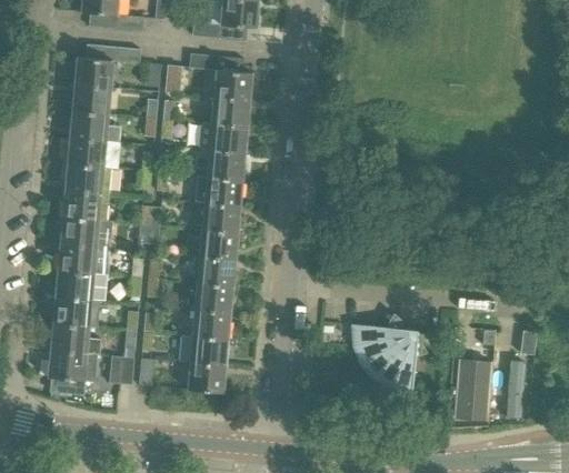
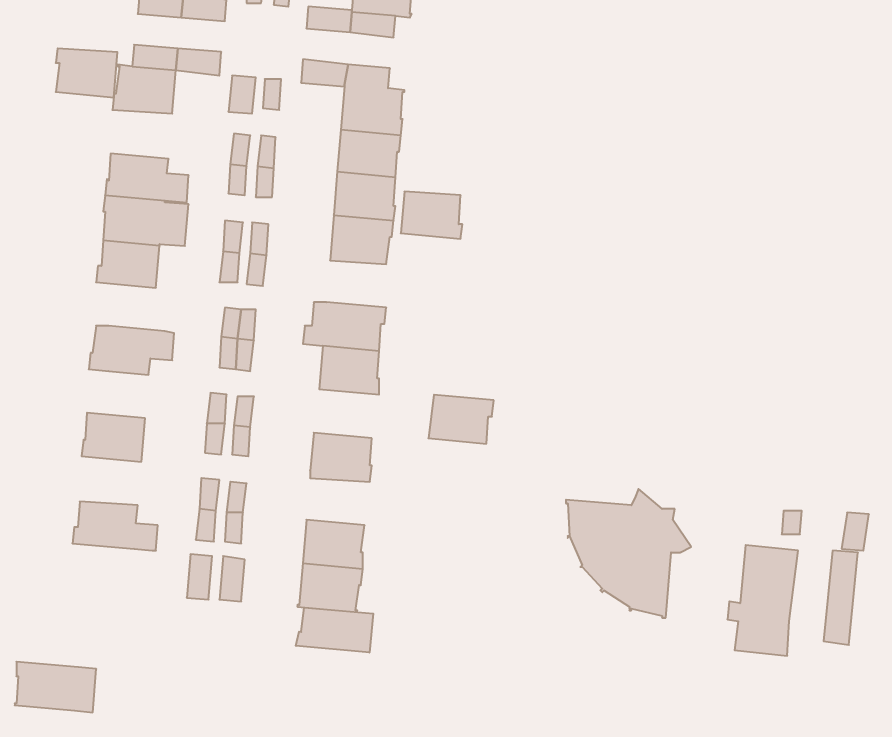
building: [72,85,110,115] -> [56,48,117,97]
building: [204,178,242,207] -> [401,192,462,239]
building: [63,191,109,221] -> none
building: [58,244,96,274] -> none
building: [197,256,237,286] -> [428,395,494,444]
building: [53,298,100,329] -> none
building: [192,311,231,340] -> none
building: [48,351,98,382] -> [15,662,96,712]
building: none -> [296,608,373,653]

